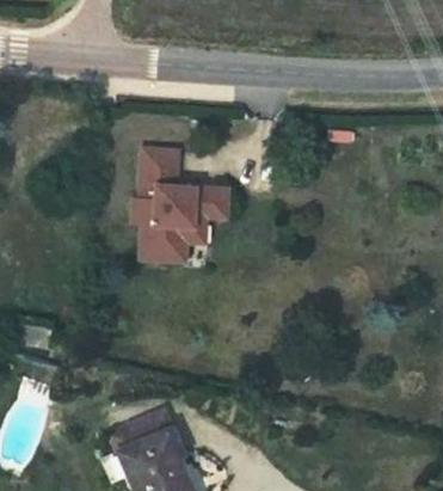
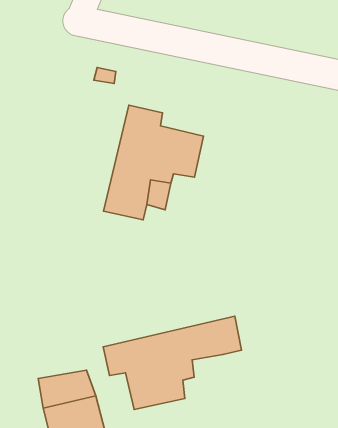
building: none -> [103,316,242,409]

